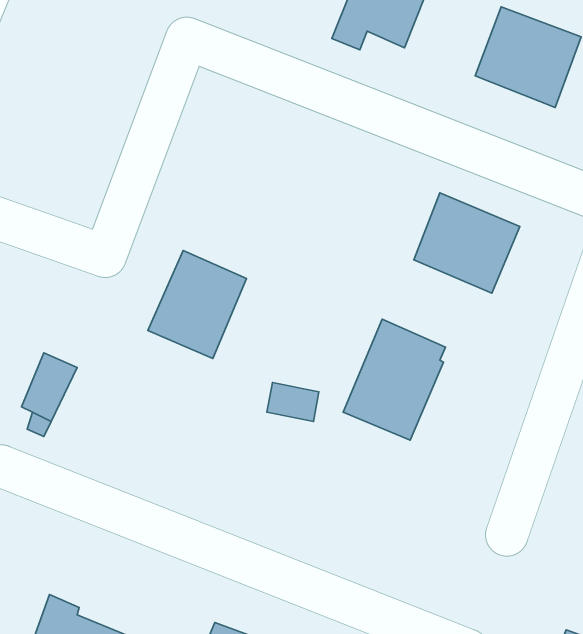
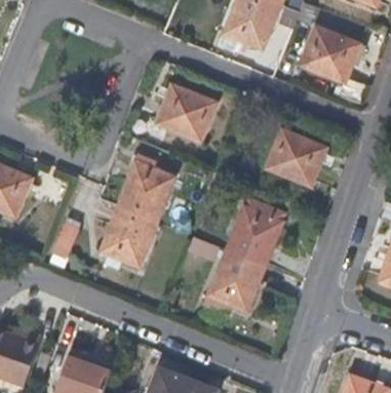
building: none -> [156,82,217,141]
building: none -> [102,205,156,267]
building: none -> [205,250,265,314]

